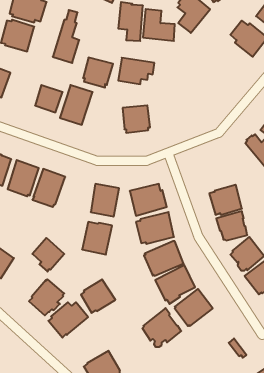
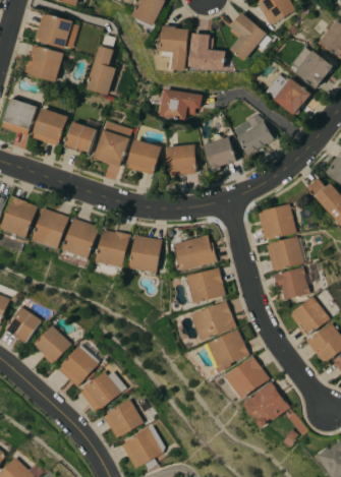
building: none -> [266,74,310,115]
building: [83,58,113,88] -> [127,140,162,175]
building: none -> [33,108,68,146]
building: none -> [232,114,278,155]
building: none -> [204,134,237,172]
building: none -> [259,203,296,240]
building: [82,222,112,255] -> [96,230,130,267]
building: [32,238,64,272] -> [35,325,71,364]
building: [81,279,115,313] -> [104,400,144,438]
building: [142,308,181,347] -> [245,381,290,426]

